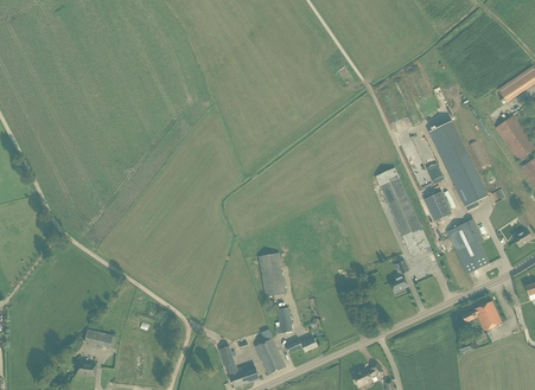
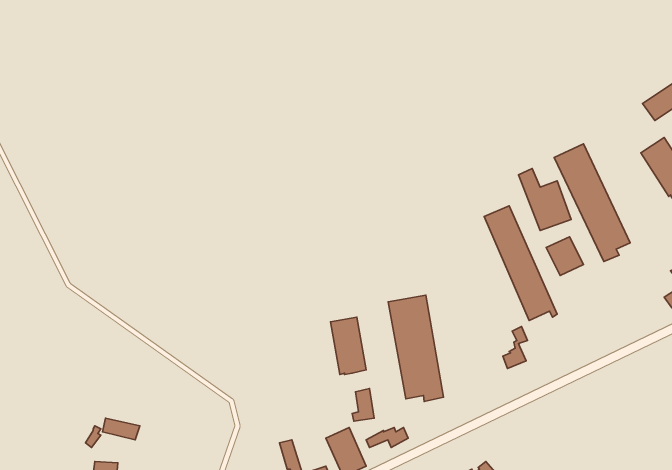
building: [447,218,490,273] -> none
building: none -> [388,295,443,402]
building: [463,300,502,330] -> none

